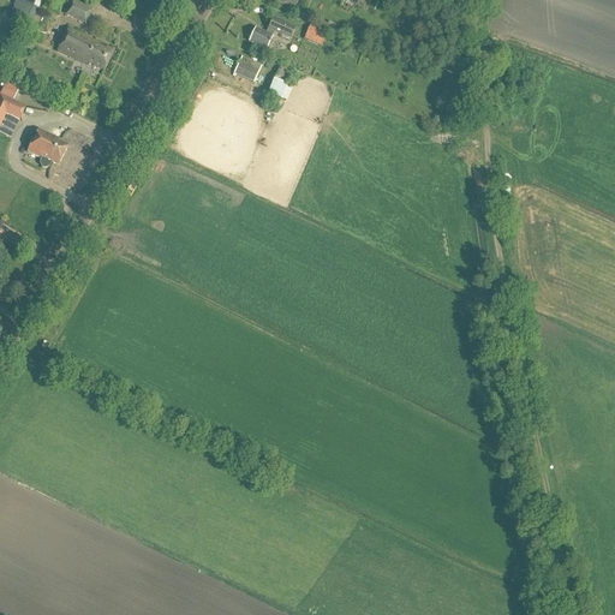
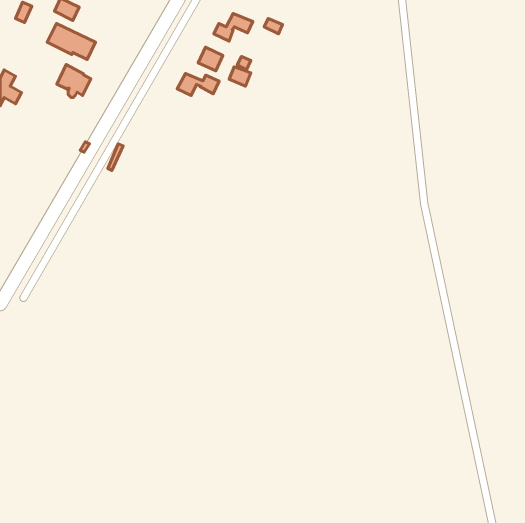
building: none -> [177,73,219,96]
building: [26,129,66,167] -> [57,65,91,97]

